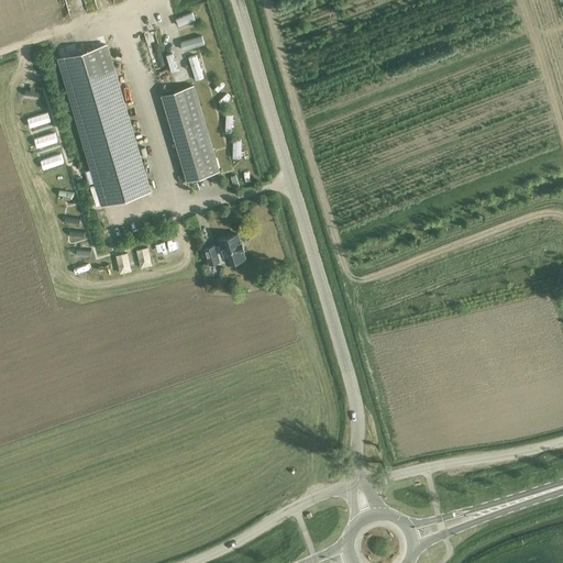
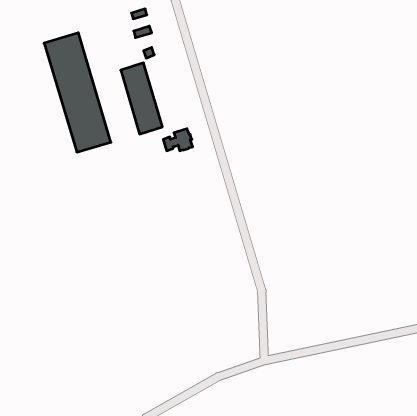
building: [206,236,245,266] -> [163,129,193,151]

